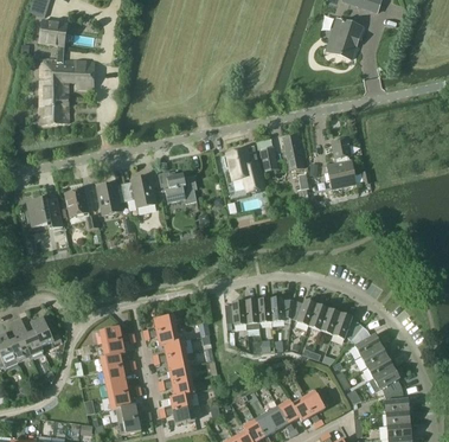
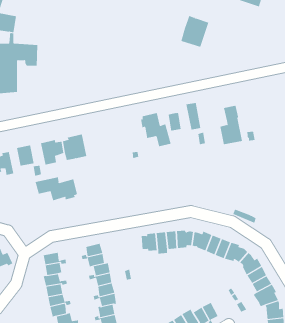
building: [326,17,363,58] -> [181,15,209,48]
building: [158,171,197,203] -> none
building: none -> [35,177,78,201]

